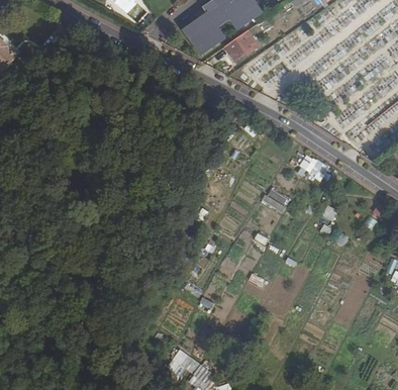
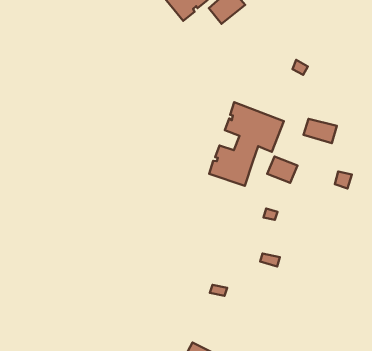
building: none -> [209,102,284,186]

